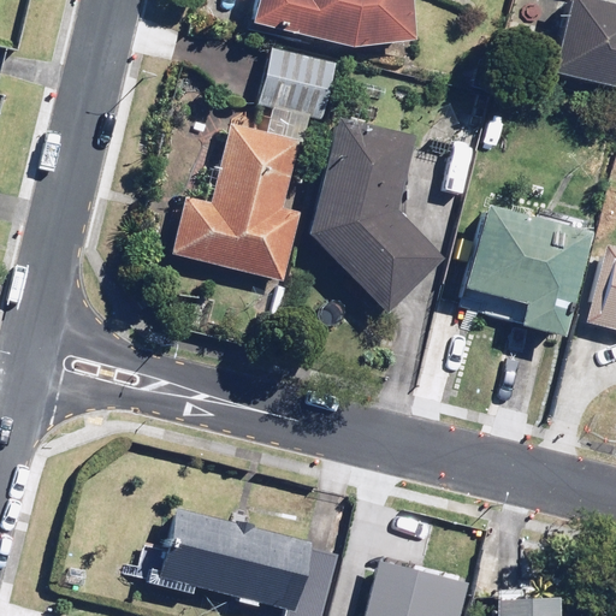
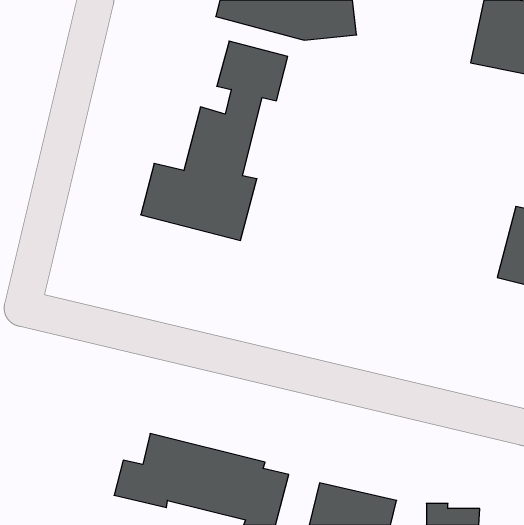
building: [309,116,445,313] -> none
building: [464,203,593,337] -> none

